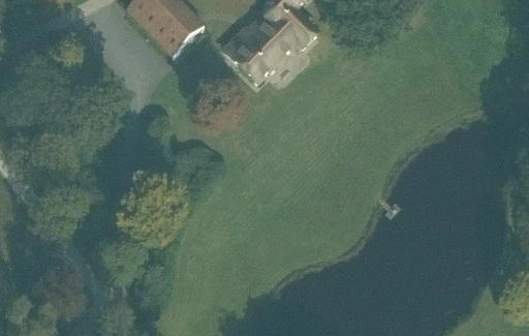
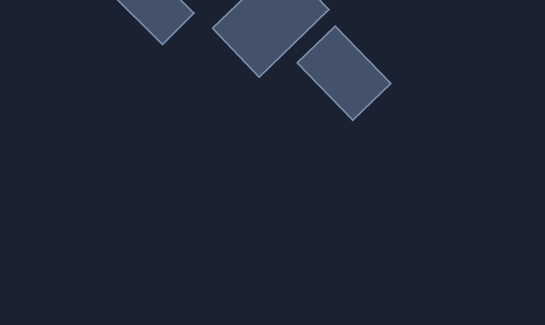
building: none -> [297,26,391,120]

